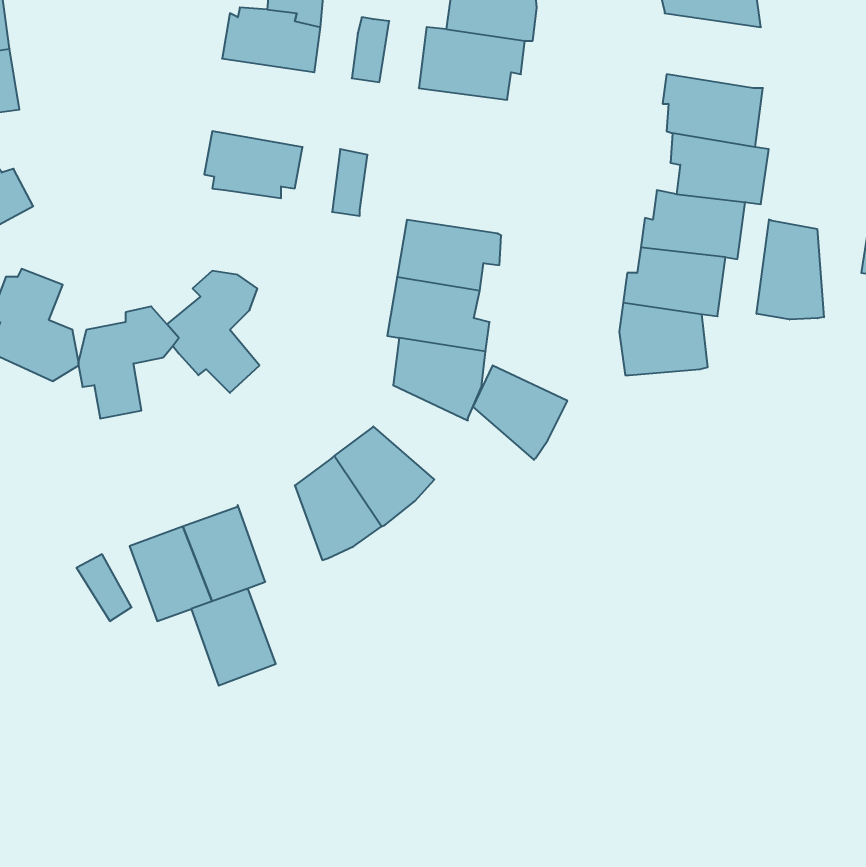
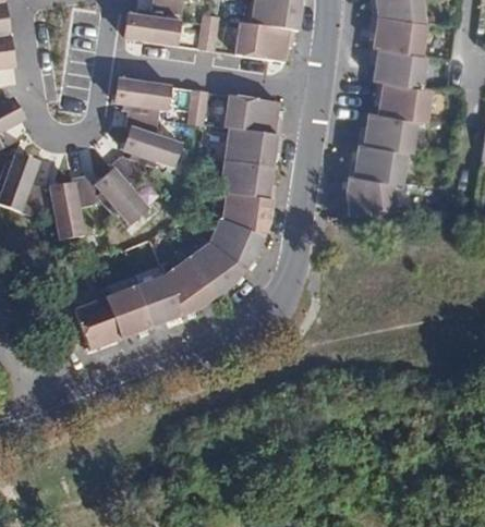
building: none -> [369,13,425,54]
building: none -> [223,95,282,135]
building: none -> [126,111,180,166]
building: [757,219,824,320] -> none
building: [473,365,567,460] -> [210,219,263,271]
building: [191,589,276,686] -> [135,274,182,328]

